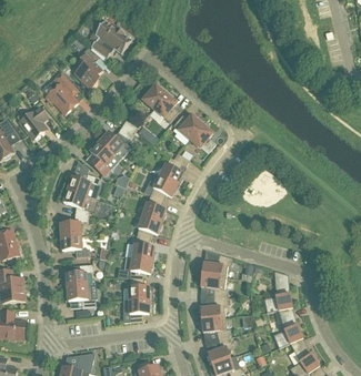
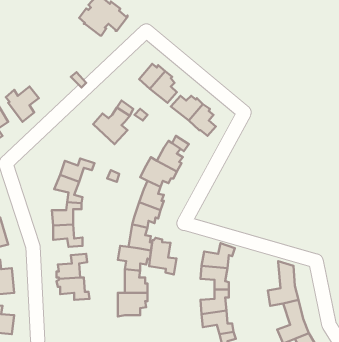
building: [73,48,102,89] -> none
building: [41,71,78,113] -> none
building: [86,141,119,175] -> none
building: none -> [149,238,176,275]

